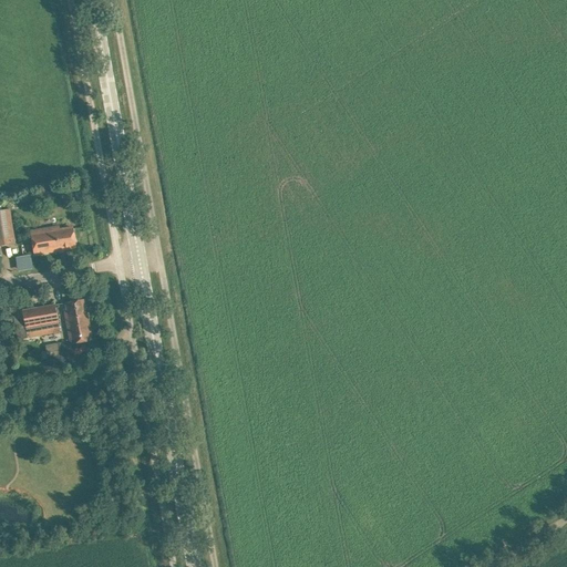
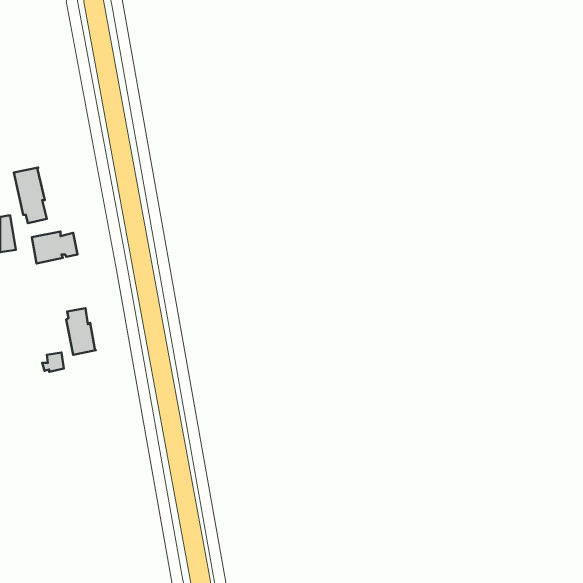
building: none -> [14,168,47,223]
building: [13,305,60,340] -> none

